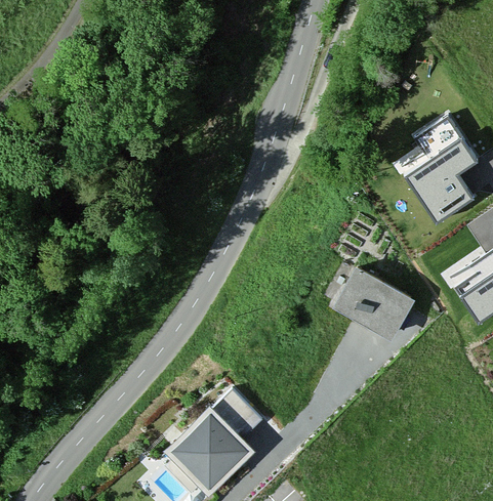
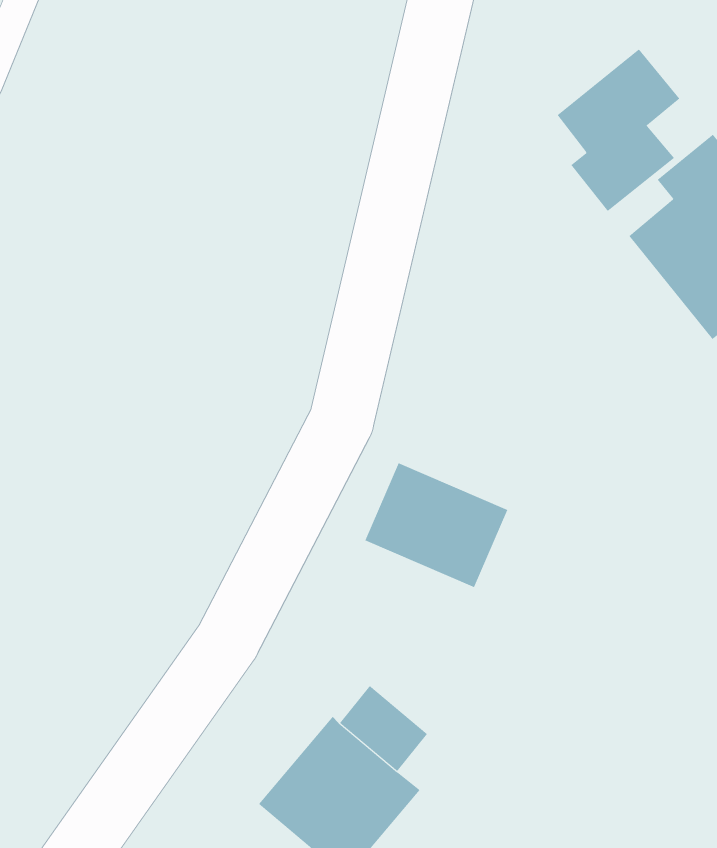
building: none -> [557,49,680,212]
building: [335,262,414,334] -> [365,462,508,588]

